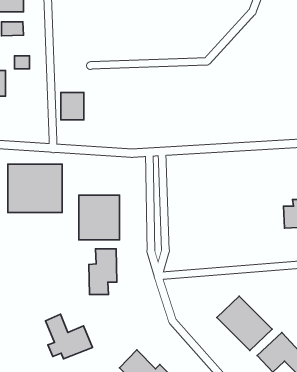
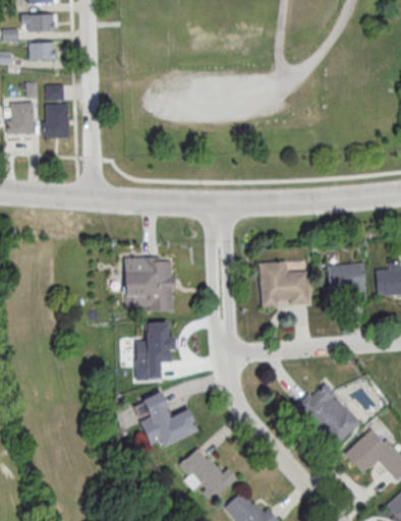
building: [61,92,84,120] -> [41,105,69,138]
building: [8,164,62,213] -> none
building: none -> [259,262,310,307]
building: none -> [327,264,366,302]
building: [45,314,93,359] -> [140,392,198,447]

